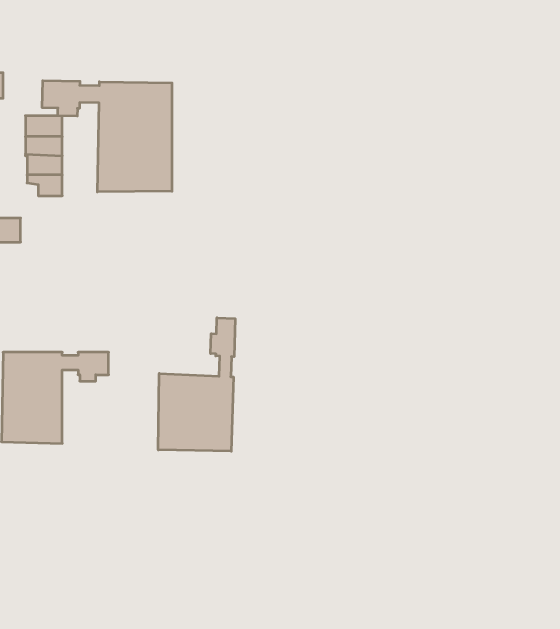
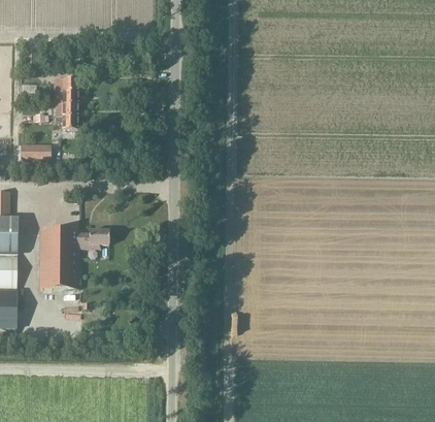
building: [42,81,172,192] -> none
building: [158,318,235,451] -> none

